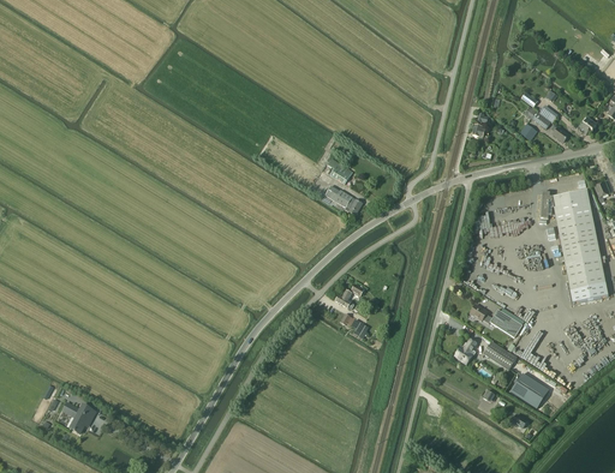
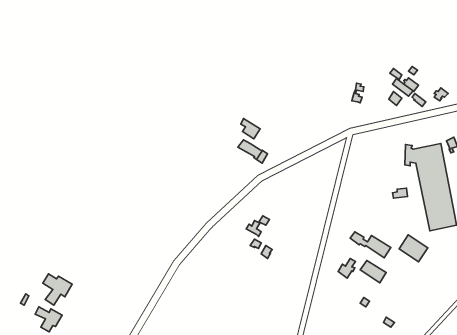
building: none -> [43,274,72,305]
building: [510,372,548,407] -> [399,235,428,262]

